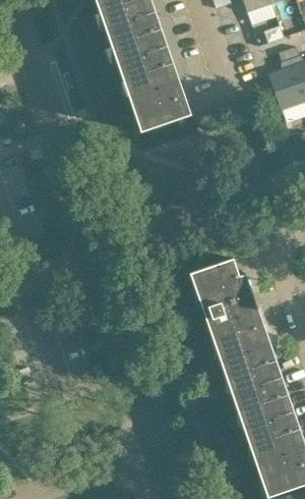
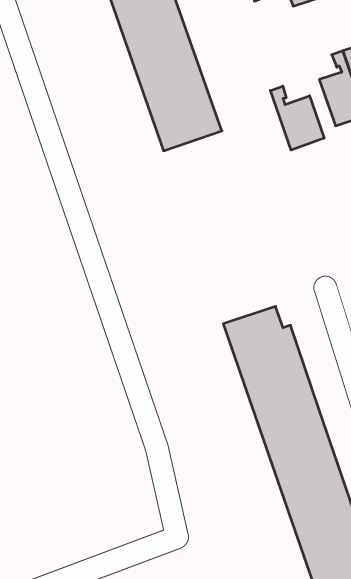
building: none -> [270,86,324,150]

